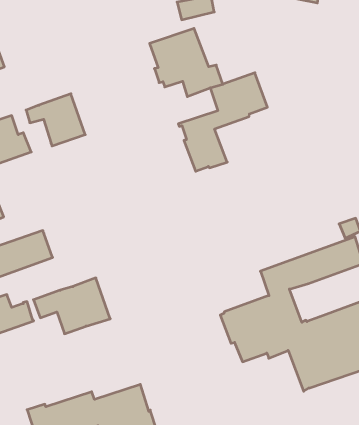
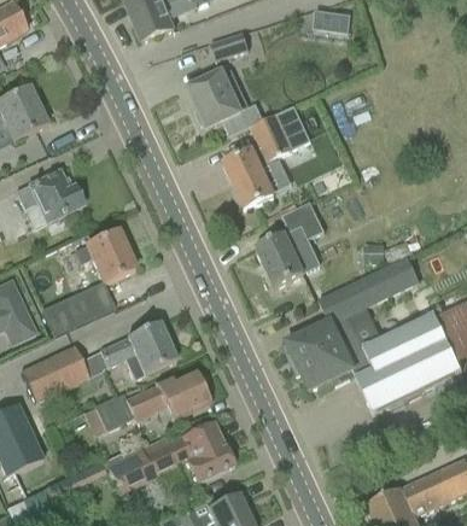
building: [26,94,85,146] -> [75,229,135,282]
building: none -> [256,198,325,286]
building: none -> [95,370,210,429]

